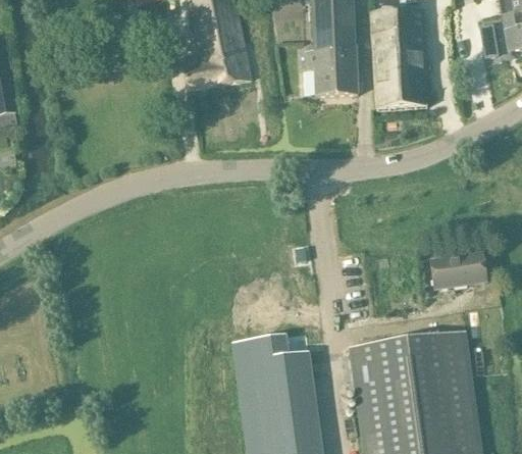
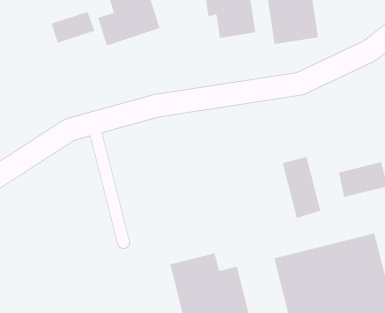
building: none -> [51,11,95,43]
building: none -> [282,156,321,219]

